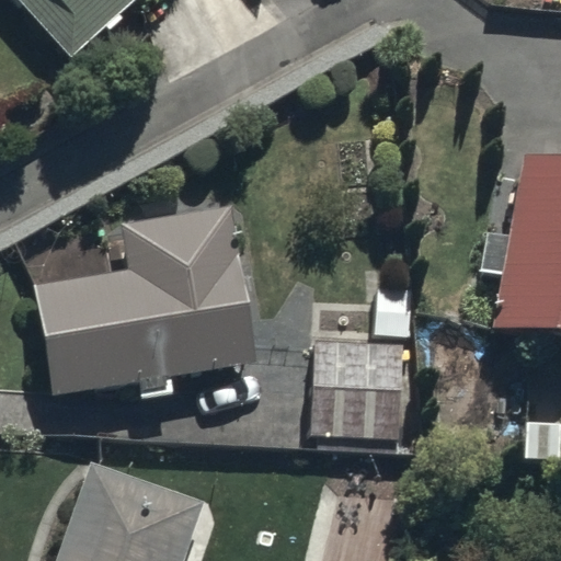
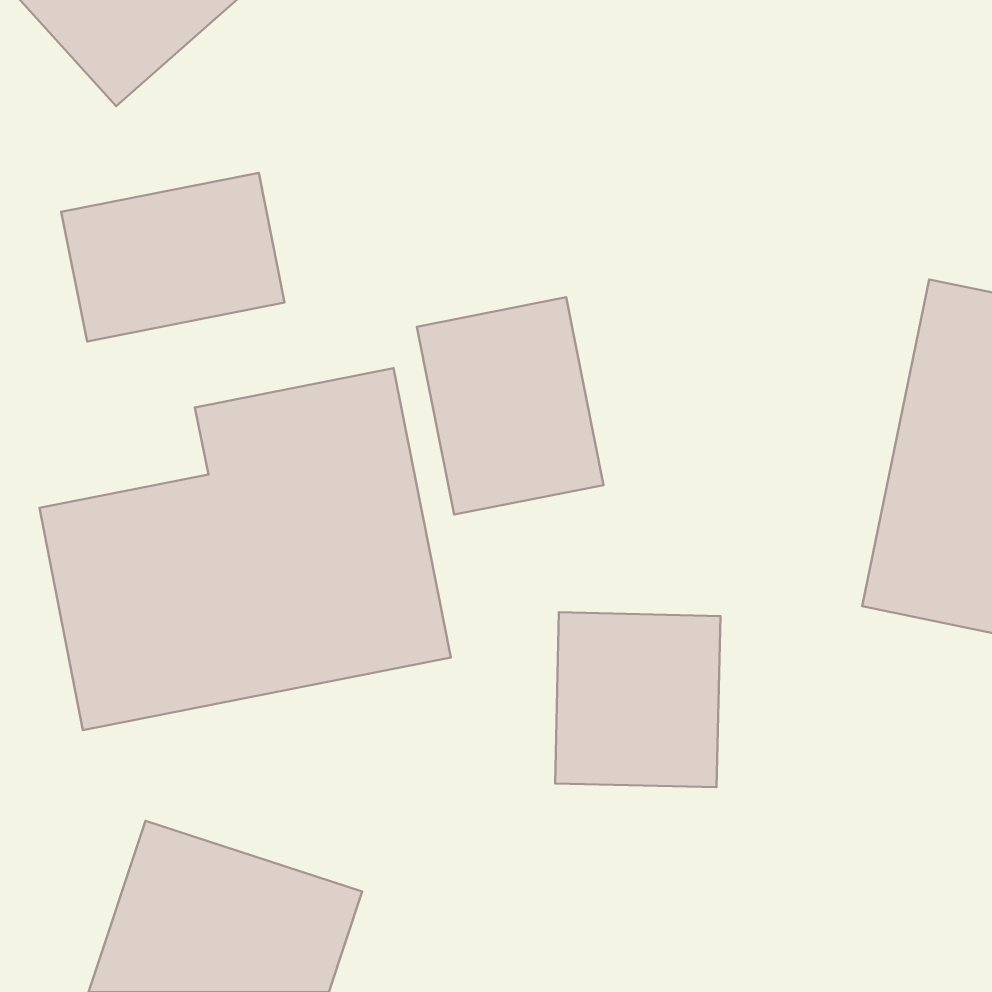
building: none -> [61,173,285,341]
building: none -> [417,297,604,515]

